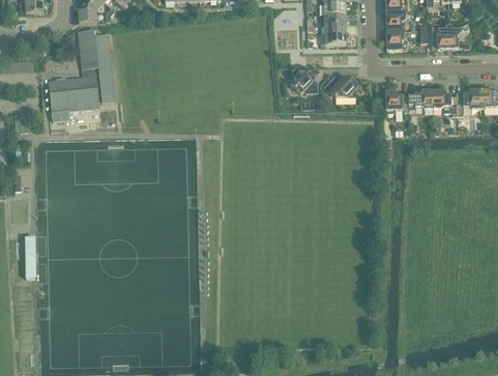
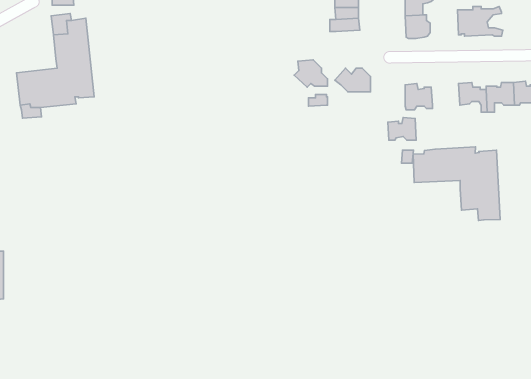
building: [407,88,432,108] -> [388,117,416,140]
building: none -> [413,147,500,220]

